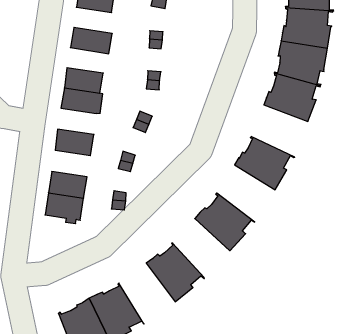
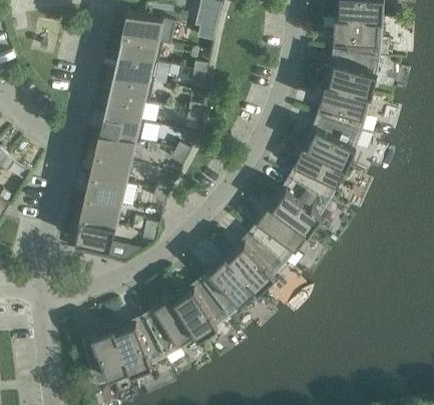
building: none -> [117,35,159,64]
building: none -> [107,75,150,104]
building: none -> [288,147,346,202]
building: none -> [93,135,133,164]
building: none -> [84,177,124,207]
building: none -> [249,206,308,265]
building: none -> [200,257,258,317]
building: none -> [143,298,198,359]

